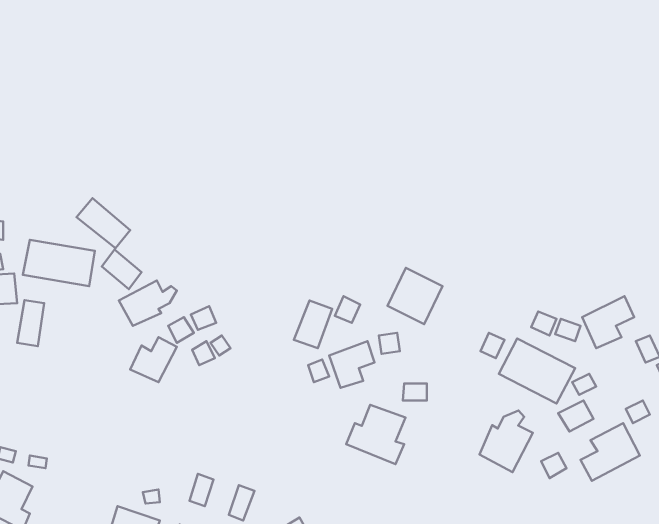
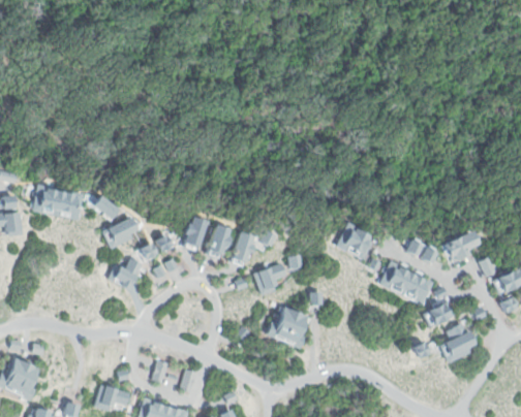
building: [77,198,130,248] -> none
building: [388,268,443,324] -> [335,222,375,263]
building: none -> [183,217,208,249]
building: none -> [206,226,232,259]
building: [17,300,44,346] -> none
building: [480,410,533,472] -> none

